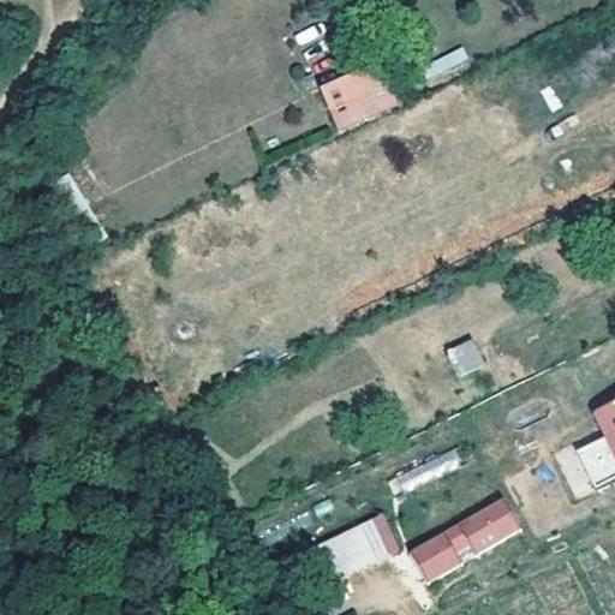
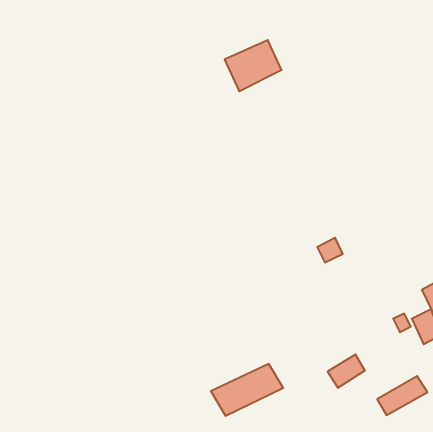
building: [408,524,479,579] -> [377,376,427,415]

